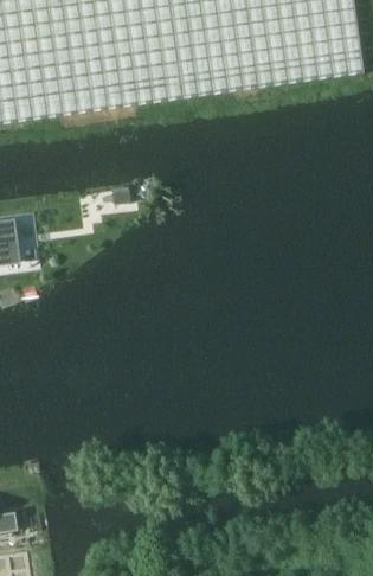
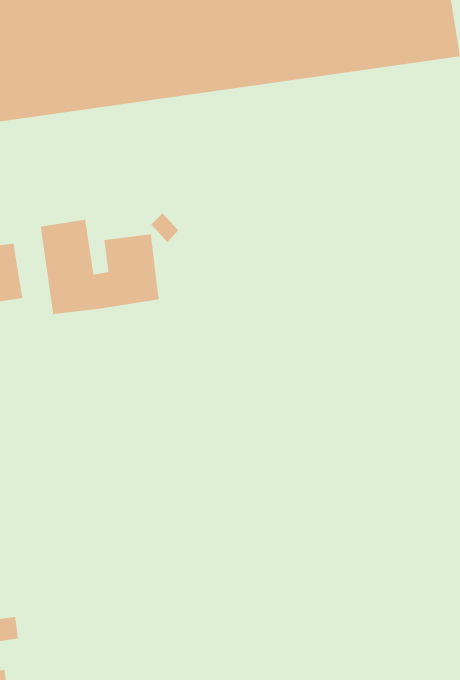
building: none -> [40,219,160,315]

